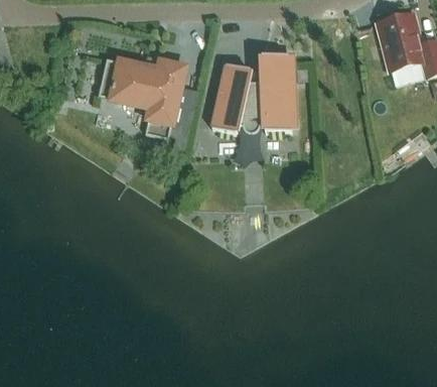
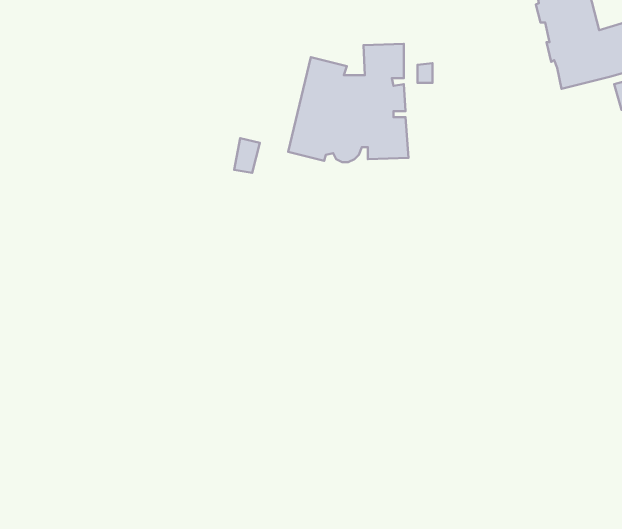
building: [99,56,184,137] -> none

